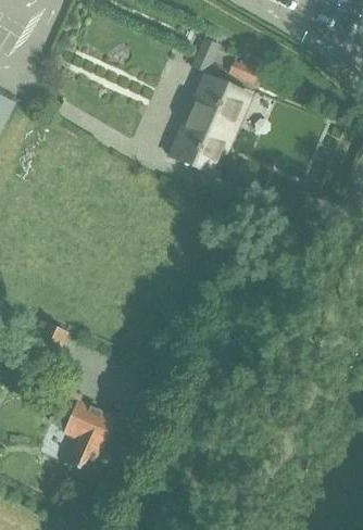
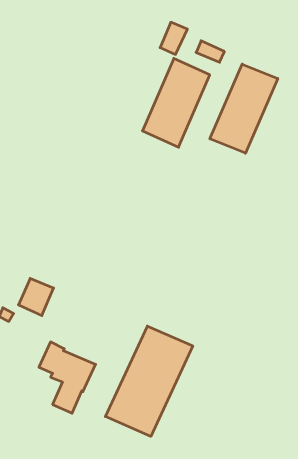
building: none -> [210,64,278,153]
building: none -> [105,326,193,436]

